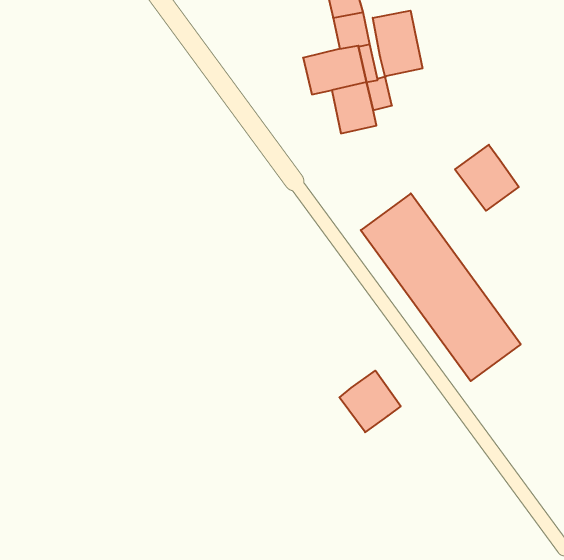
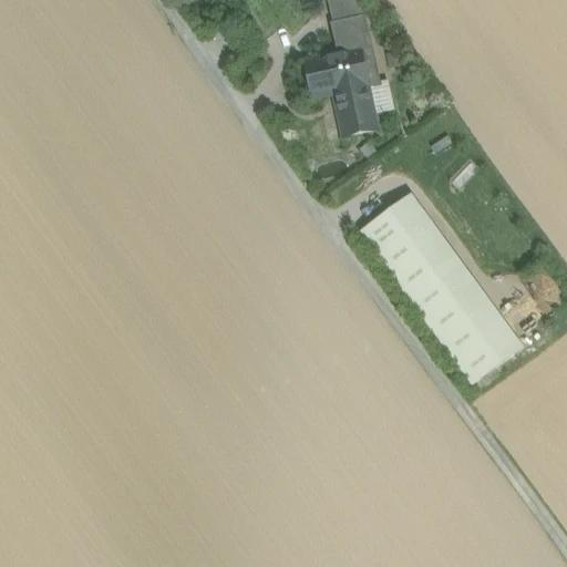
building: [373,11,422,77] -> none
building: [455,145,519,211] -> none
building: [339,371,401,432] -> none

